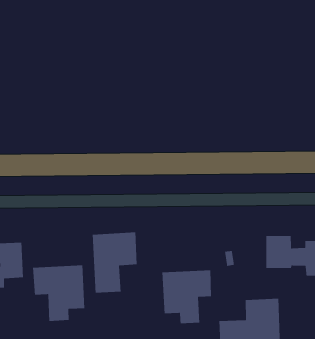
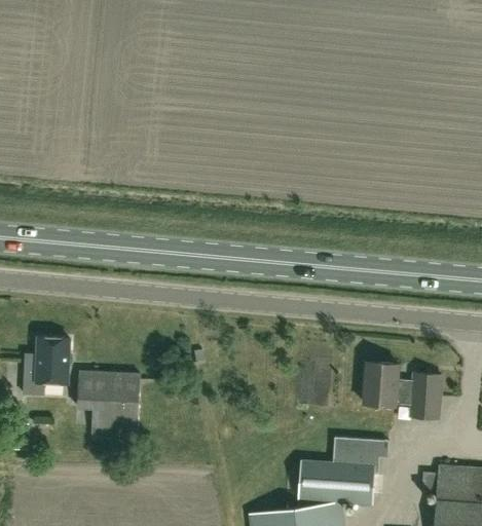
building: [92,231,138,294] -> none
building: [162,270,212,324] -> none

